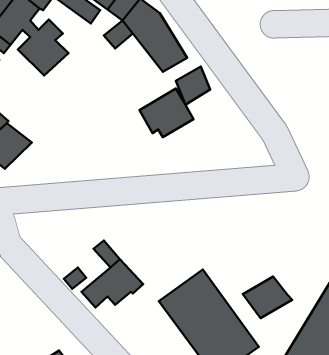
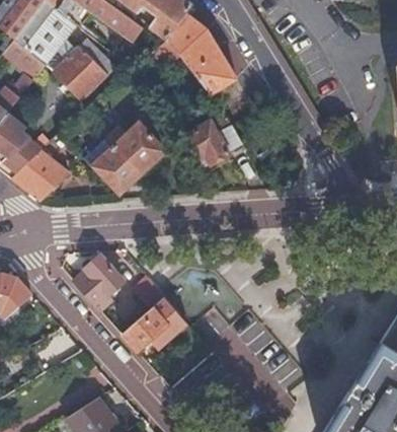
building: [176,66,210,105] -> none
building: none -> [85,121,166,196]
building: none -> [74,256,124,310]
building: [243,276,292,318] -> none

